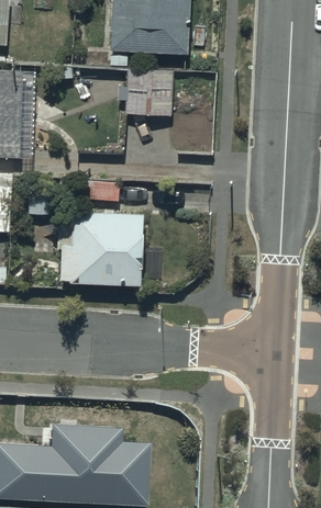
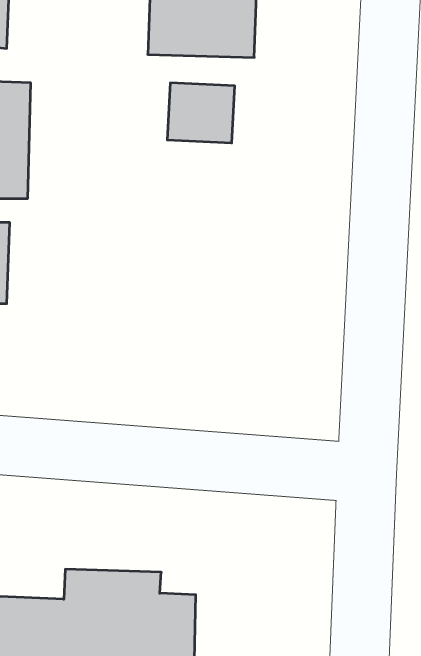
building: [57,213,143,284] -> none

